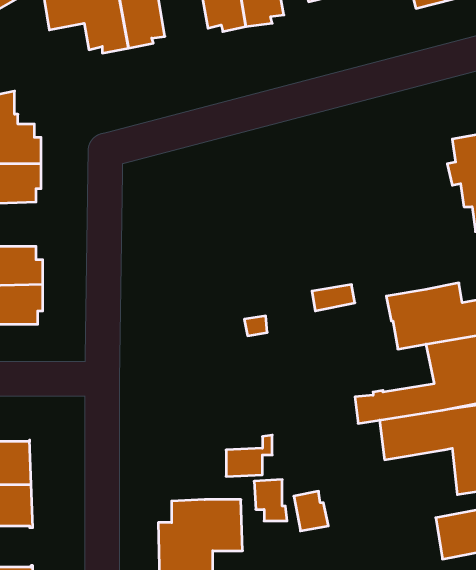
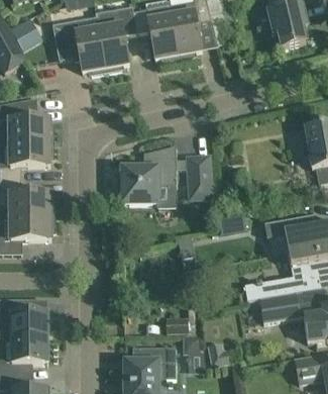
building: none -> [122,145,210,203]

